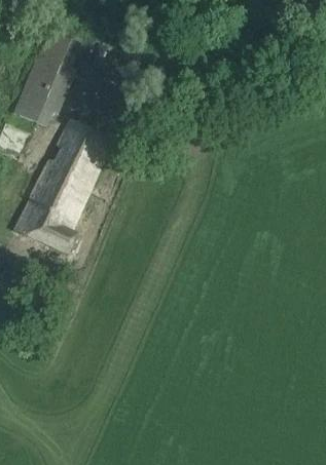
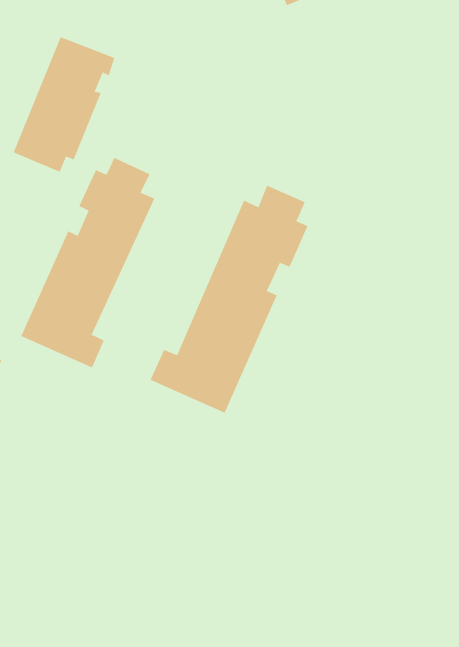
building: none -> [150,185,308,414]

